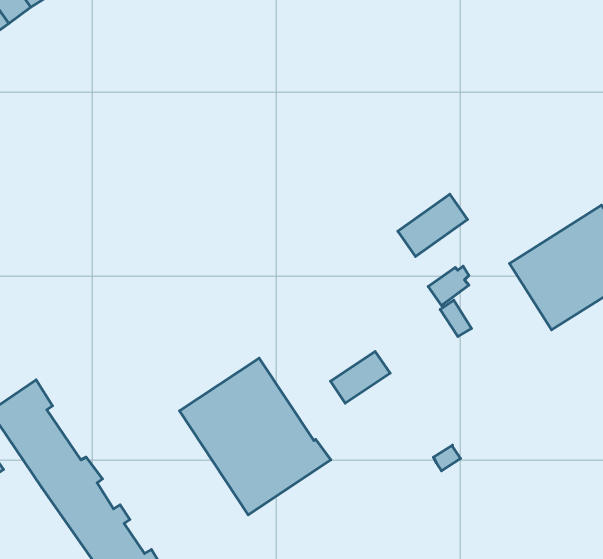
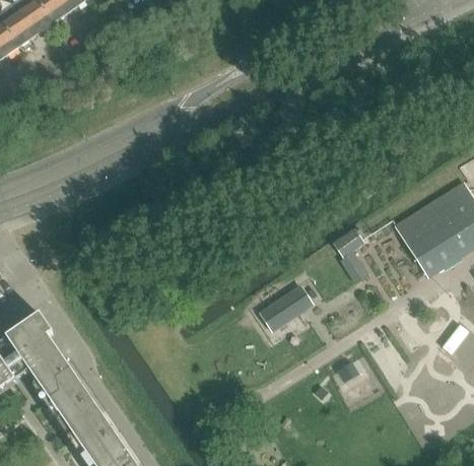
building: [398,194,467,257] -> none
building: [179,358,331,515] -> none

